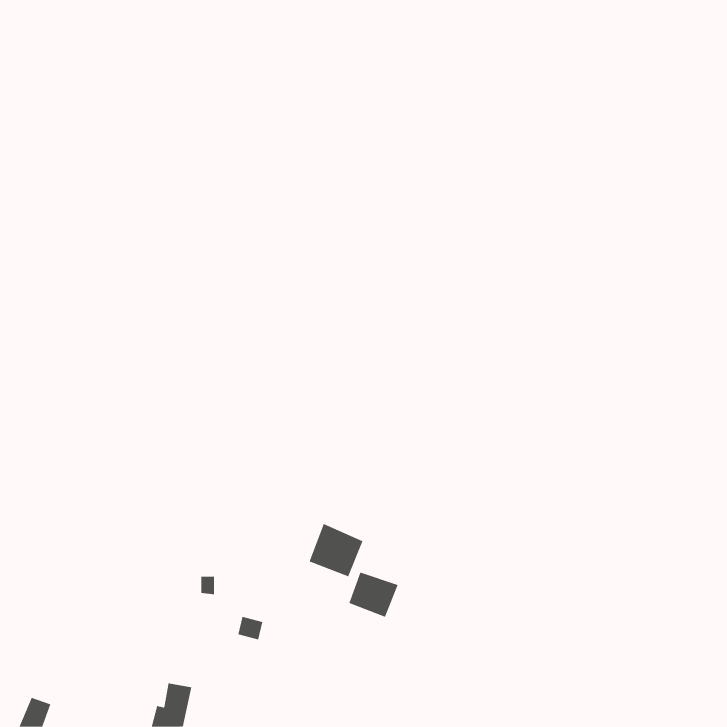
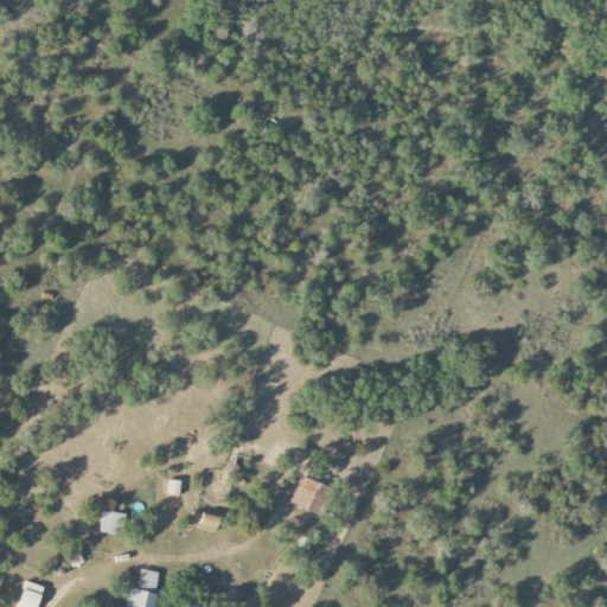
building: [309,523,363,577] -> none
building: none -> [98,510,124,536]

